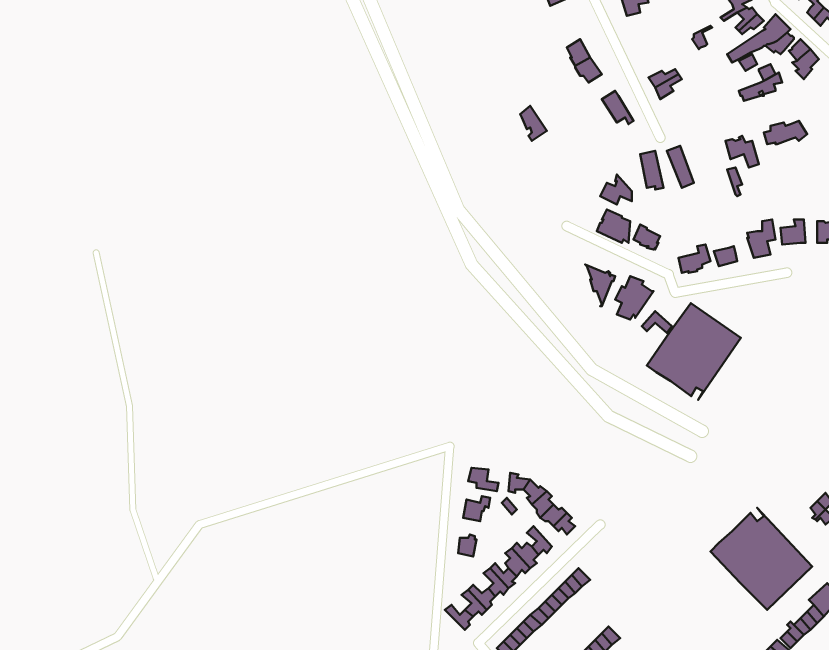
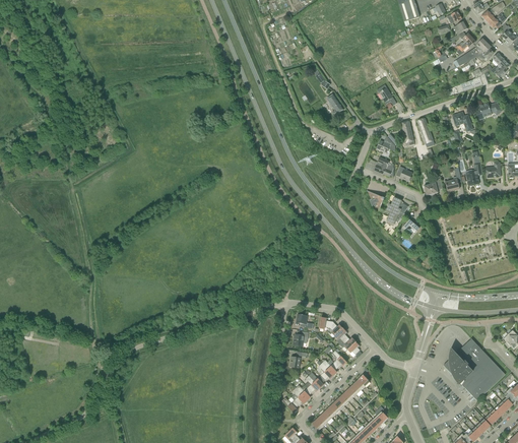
building: [647,303,741,400] -> none

